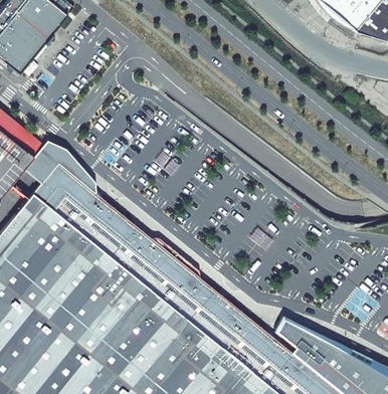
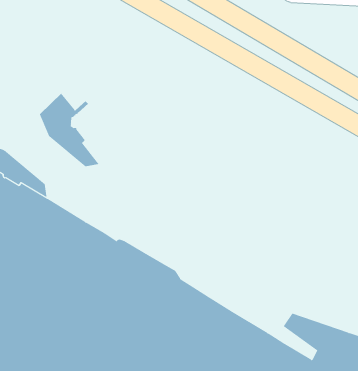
building: none -> [39,93,100,167]

